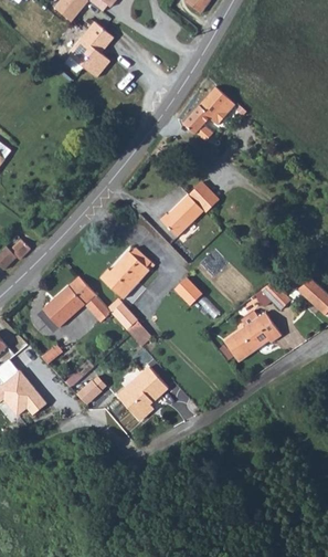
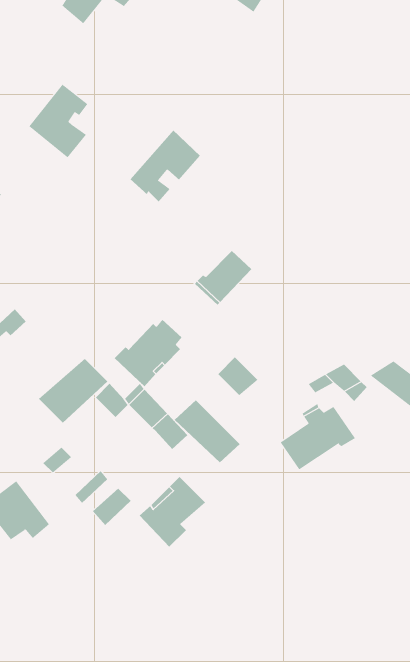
building: [66,21,112,77] -> [29,84,88,158]
building: [181,86,235,141] -> [130,129,201,202]
building: [187,181,218,212] -> none
building: none -> [174,400,240,463]

